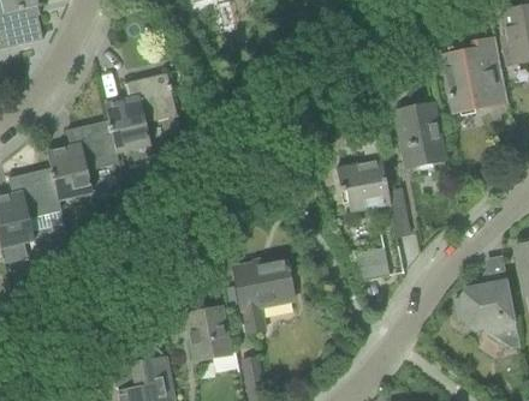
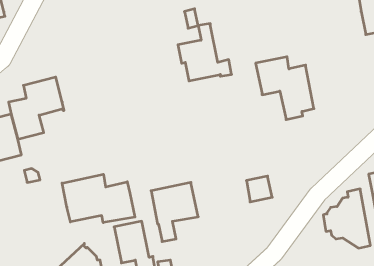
building: [436,38,507,112] -> none
building: [106,71,178,151] -> none
building: [335,140,405,215] -> [178,24,232,81]
building: none -> [62,174,135,223]

